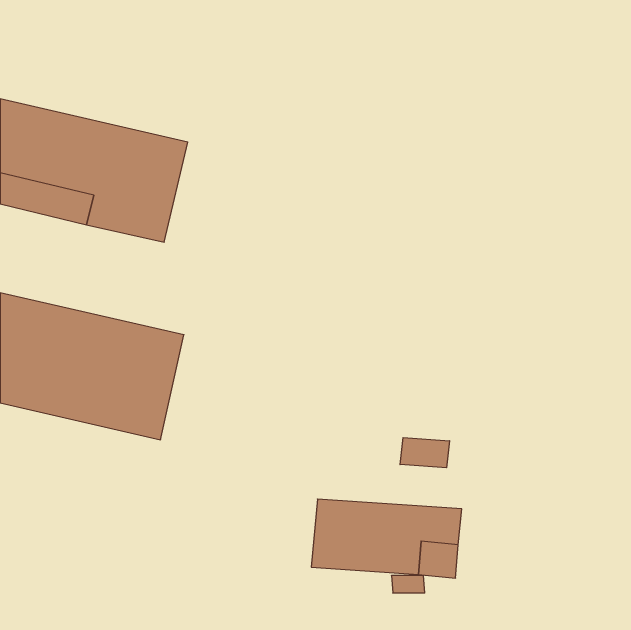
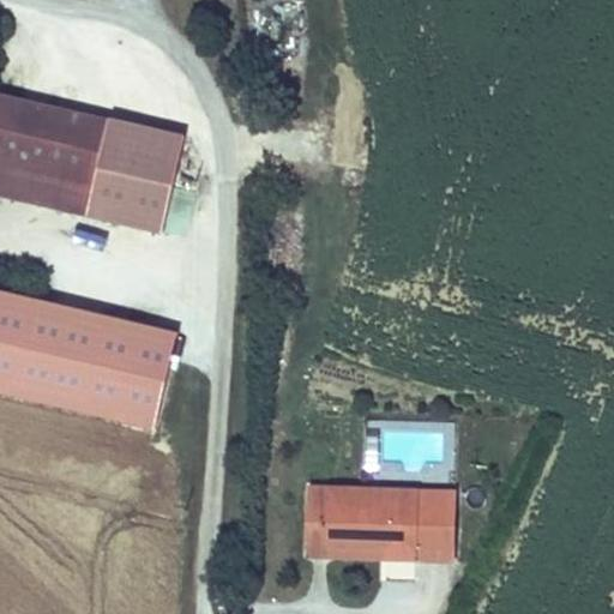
building: [400,438,450,468] -> none

